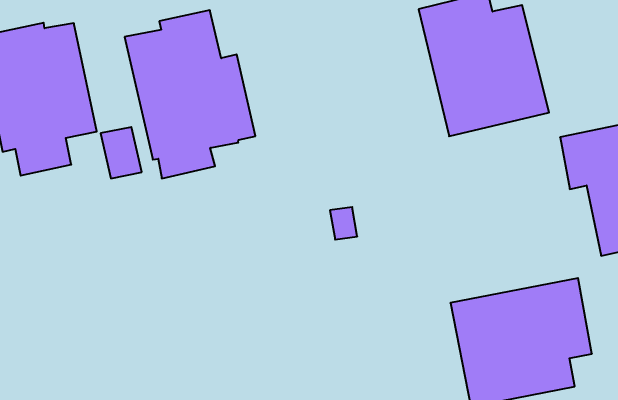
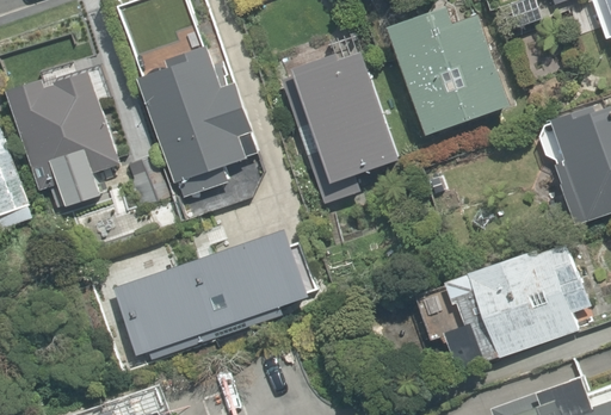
building: none -> [295,80,400,205]
building: none -> [112,234,320,355]

